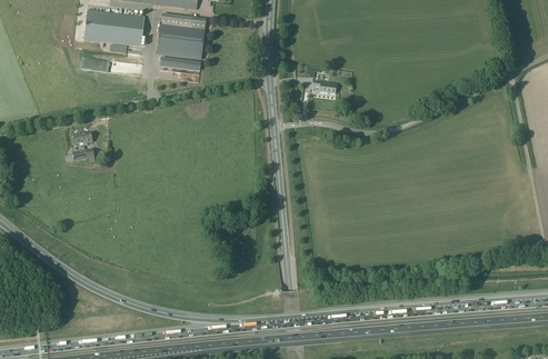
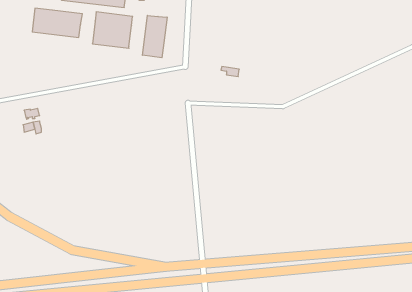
building: none -> [142,15,167,58]

